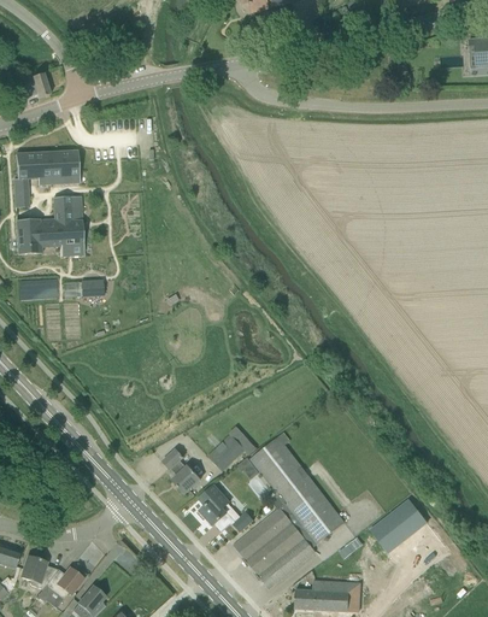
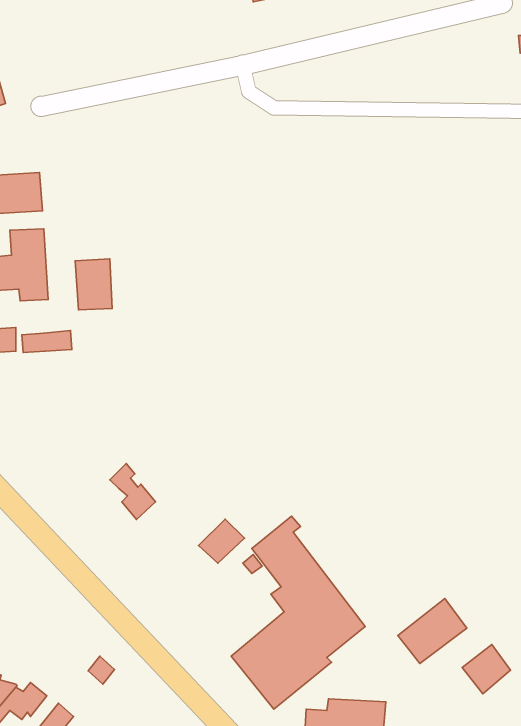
building: none -> [75,259,112,310]
building: [163,447,200,493] -> [110,464,156,520]
building: [199,483,253,530] -> none
building: none -> [462,644,511,694]

